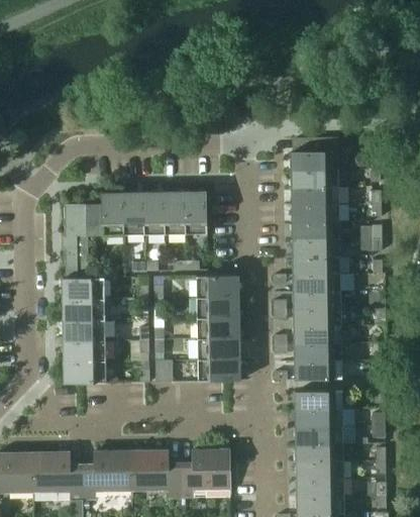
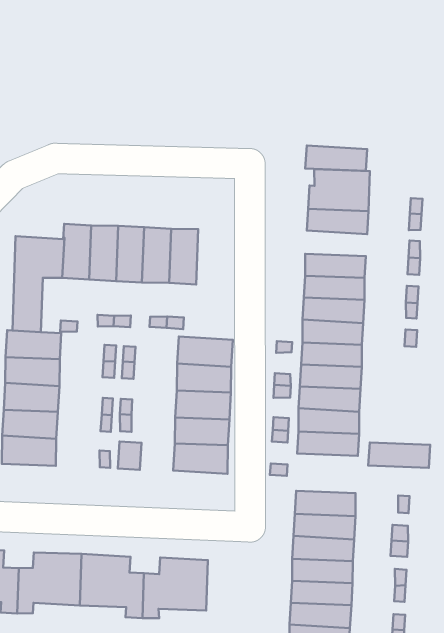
building: [291,187,338,205] -> [305,145,367,171]
building: [294,360,341,380] -> [368,442,430,468]

